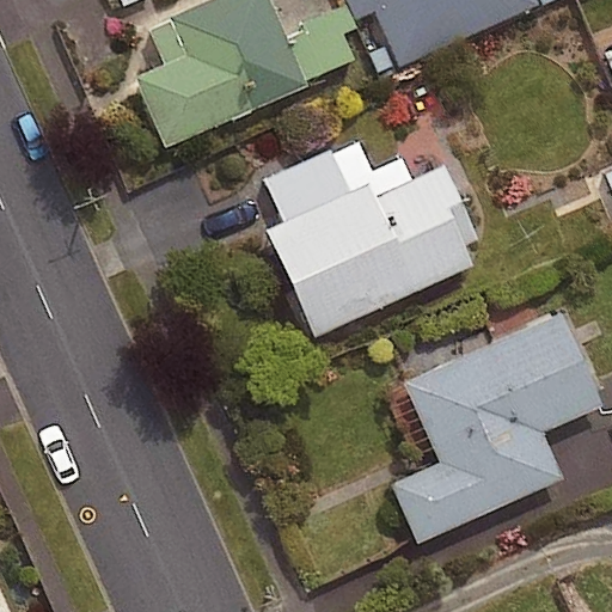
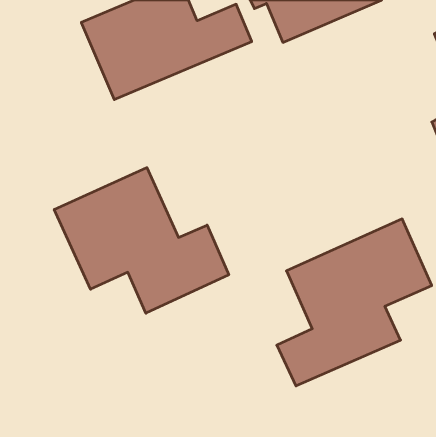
building: [267,140,475,336] -> none
building: none -> [54,168,229,313]

